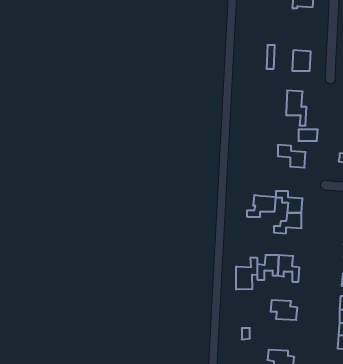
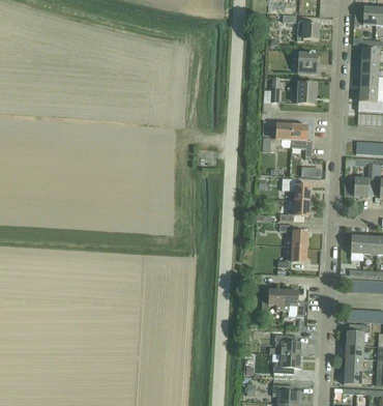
building: none -> [294,52,317,74]
building: none -> [262,122,292,150]
building: [247,195,276,217] -> [281,198,310,220]
building: [236,257,257,290] -> none
building: none -> [273,352,301,372]

